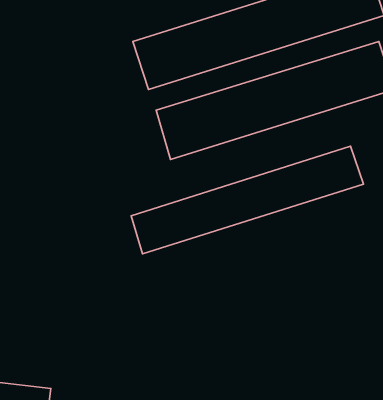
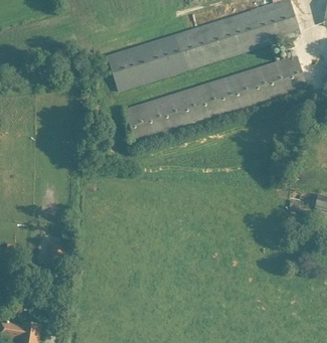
building: [131,146,364,254] -> none

